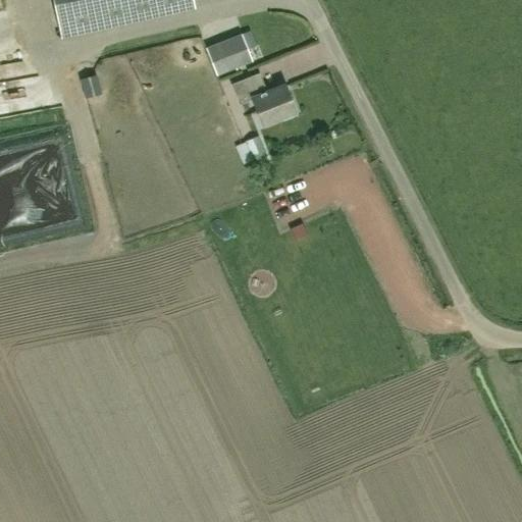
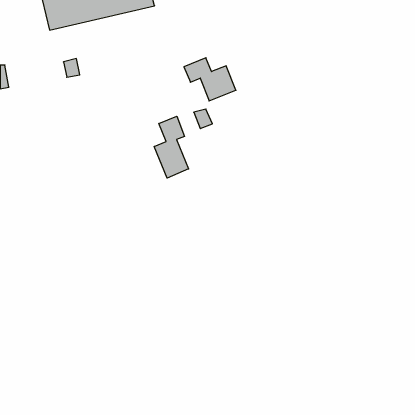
building: [206,32,254,74] -> none
building: none -> [154,116,189,178]

